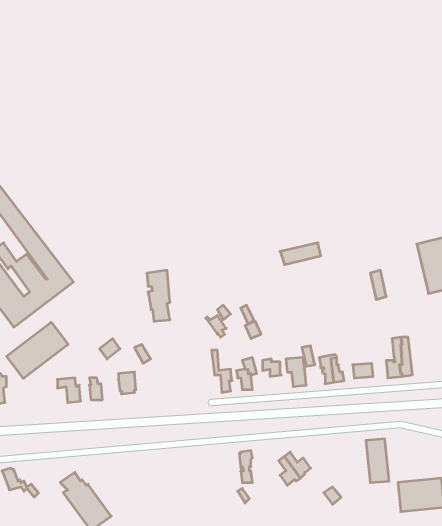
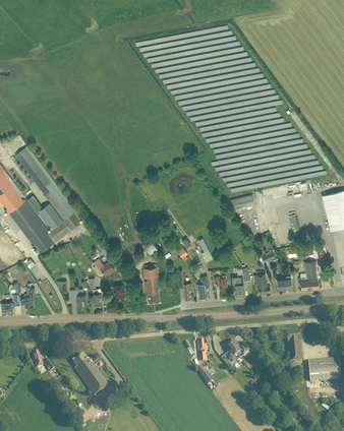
building: [147,270,170,321] -> [144,266,160,302]
building: [7,322,68,378] -> none

